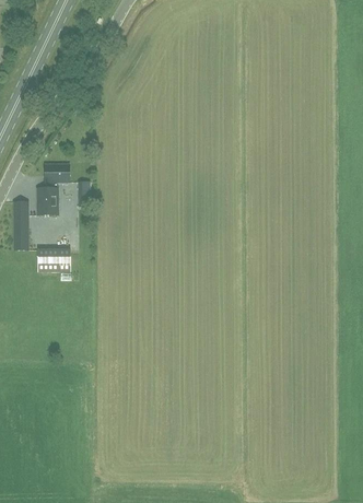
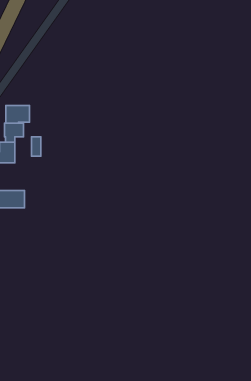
building: none -> [6,106,30,123]

